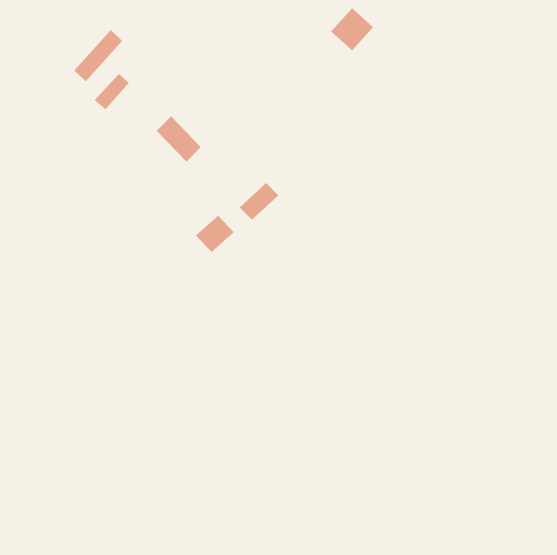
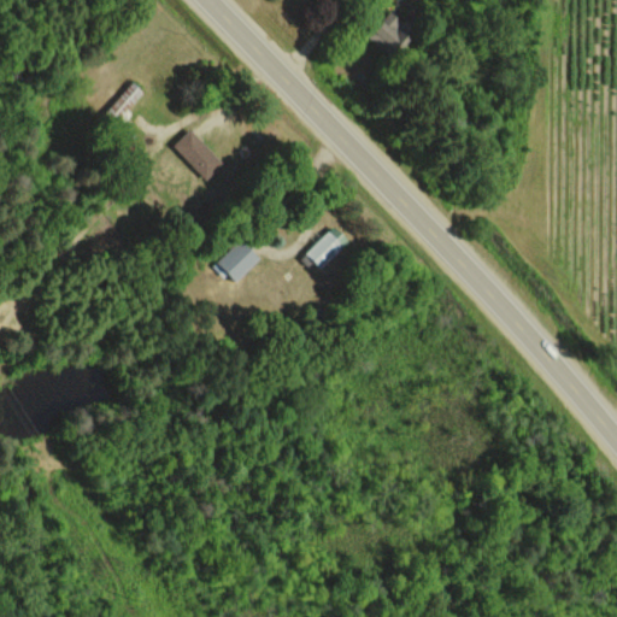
building: [74,29,123,82] -> none
building: [239,182,279,220] -> [304,227,348,269]

